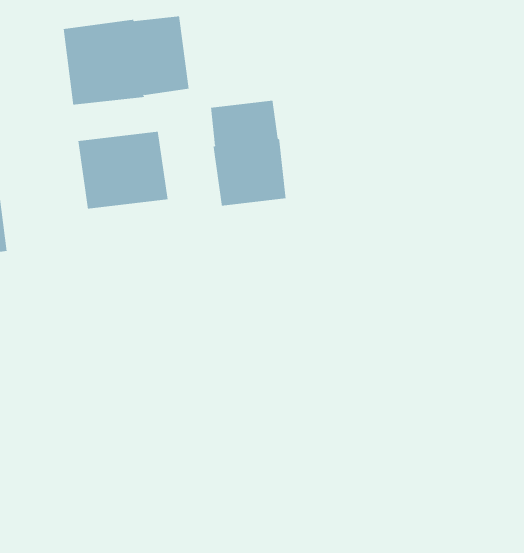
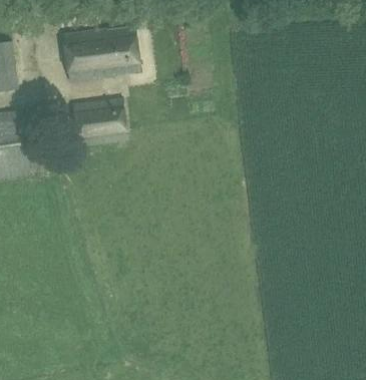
building: [211,100,286,207] -> none

